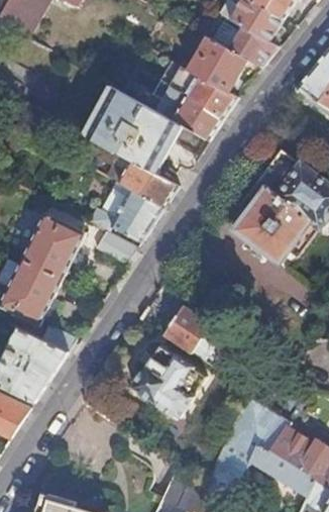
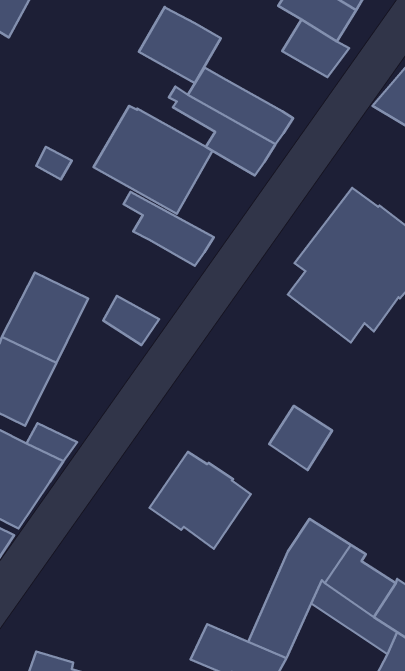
building: [187,36,247,93] -> [139,7,221,83]
building: [109,188,163,242] -> none
building: [162,304,209,351] -> [269,406,332,470]

